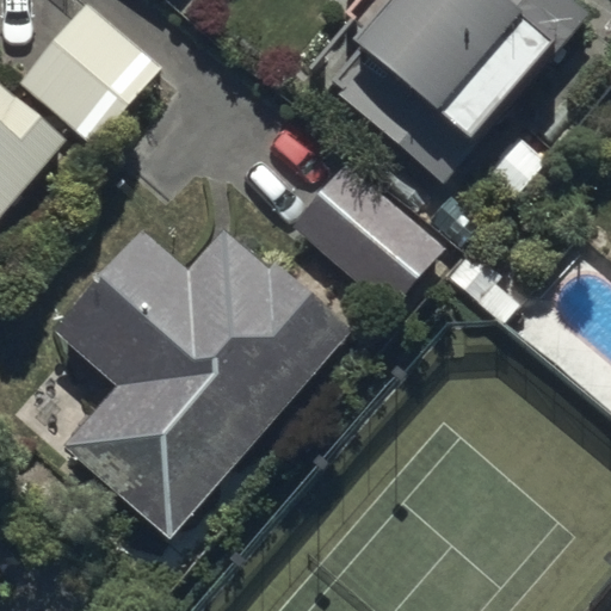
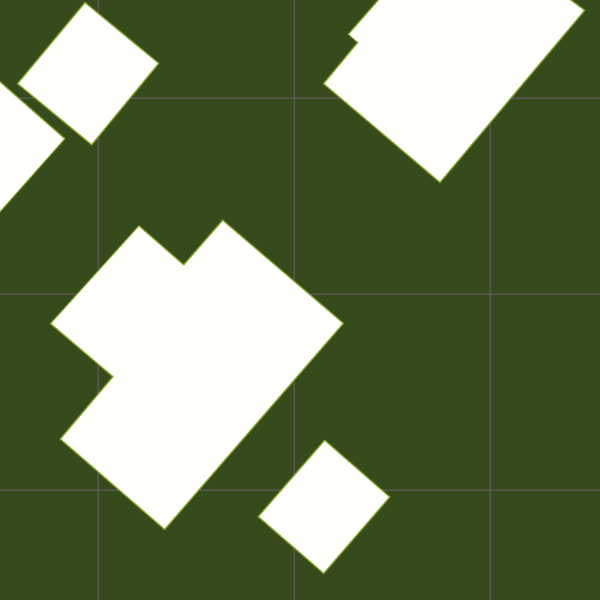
building: [294,161,443,307] -> none
building: none -> [258,440,390,574]

